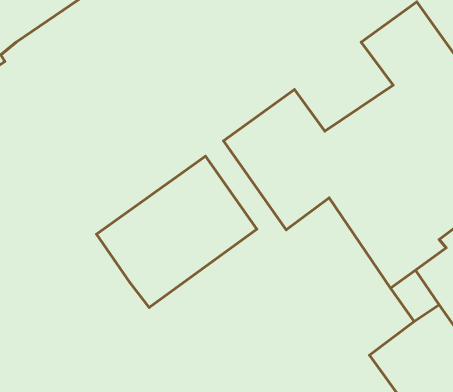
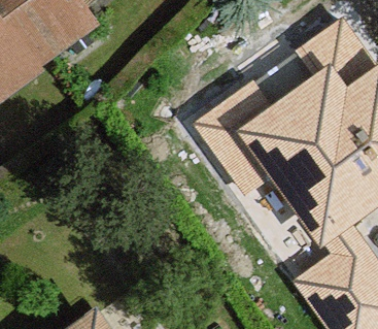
building: [97,156,257,307] -> none

